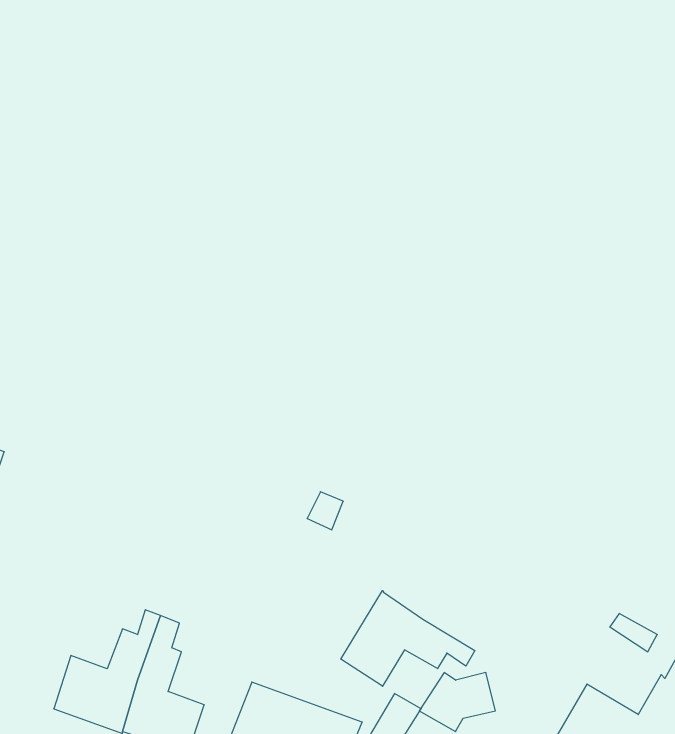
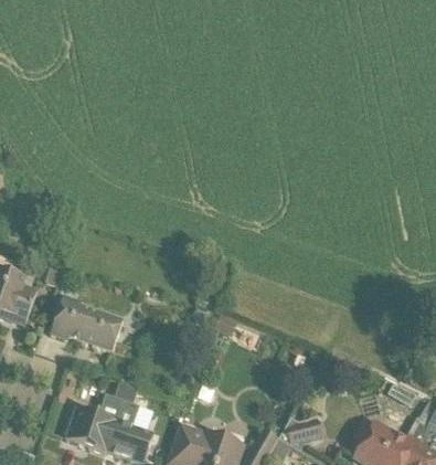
building: none -> [50,298,123,350]
building: [341,591,475,686] -> none

